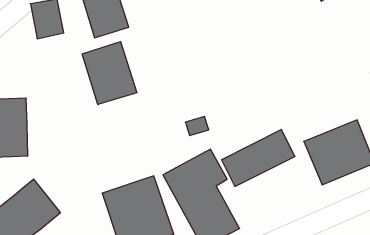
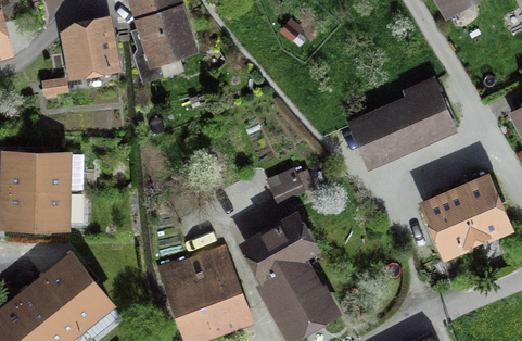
building: [82,42,137,105] -> none
building: [222,130,295,186] -> [352,85,447,159]

